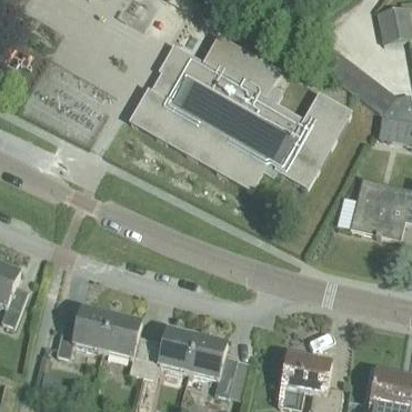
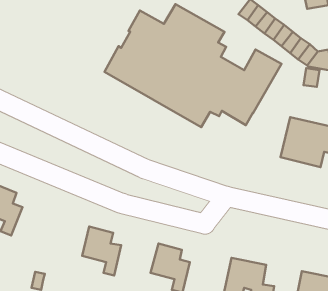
building: [58,307,112,356] -> none
building: [143,328,199,378] -> none

